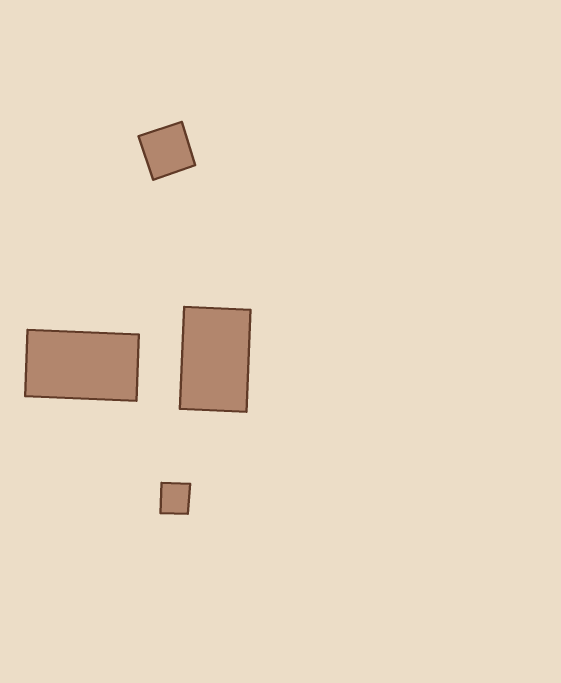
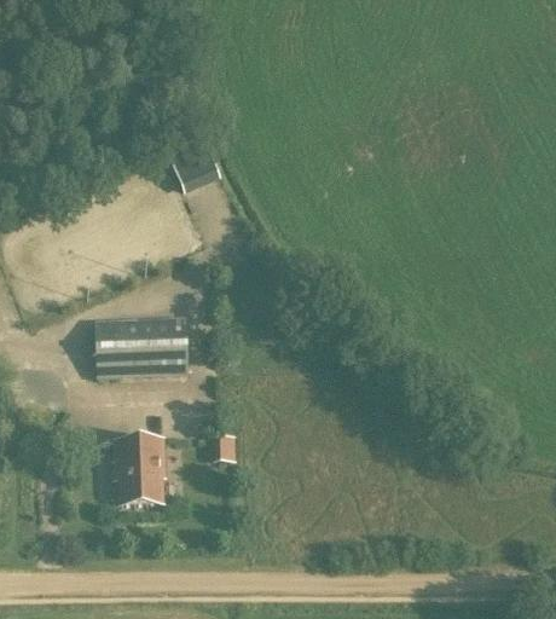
building: [180,307,251,412] -> none
building: none -> [121,438,167,510]

